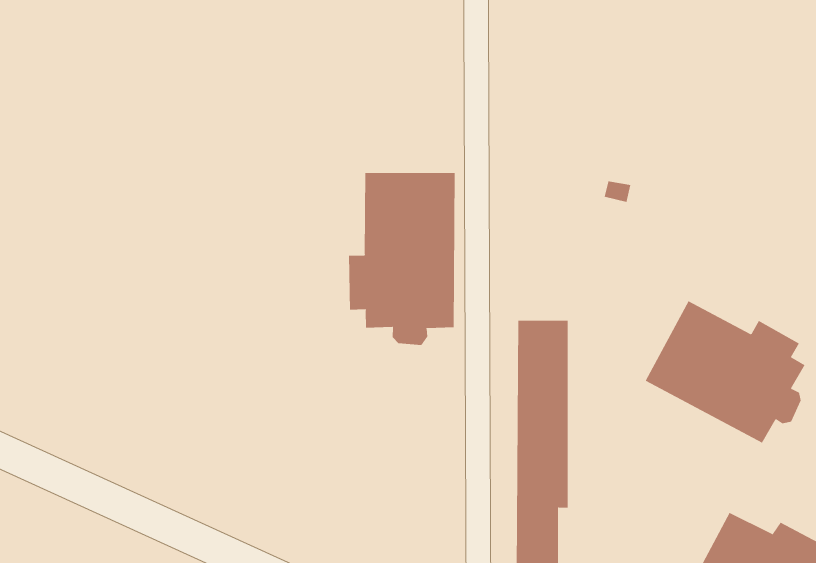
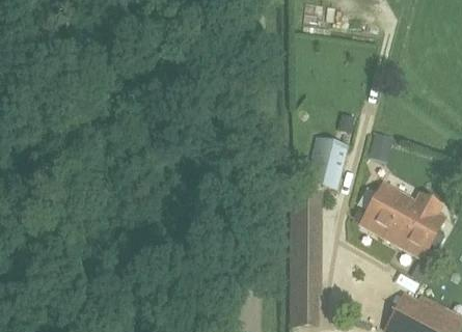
building: [349,172,455,346] -> none
building: none -> [308,139,346,186]

